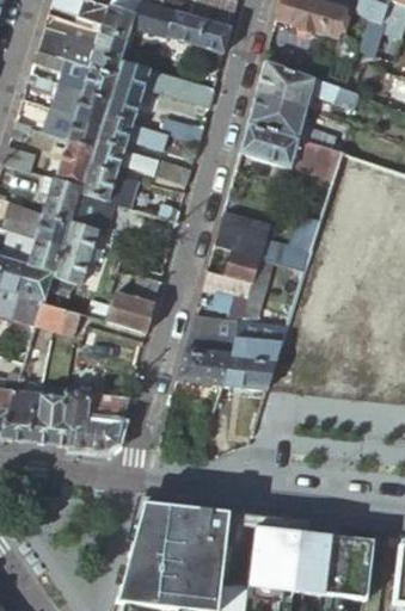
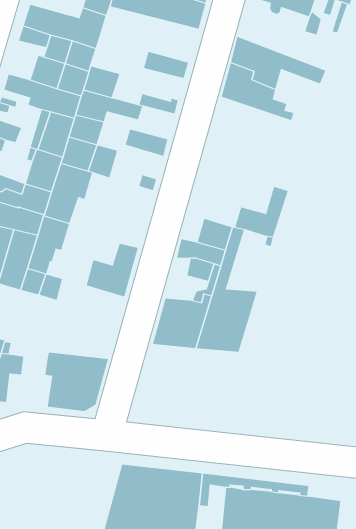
building: [111,61,171,98] -> none
building: [239,122,338,178] -> none
building: [213,210,270,258] -> none
building: [24,393,70,445] -> none

